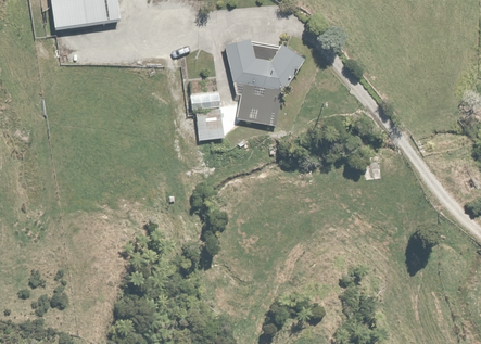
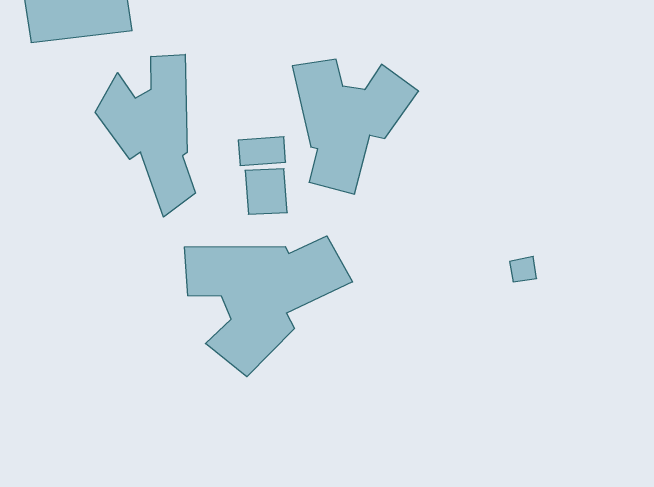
building: none -> [95,54,196,217]
building: none -> [184,236,353,377]

